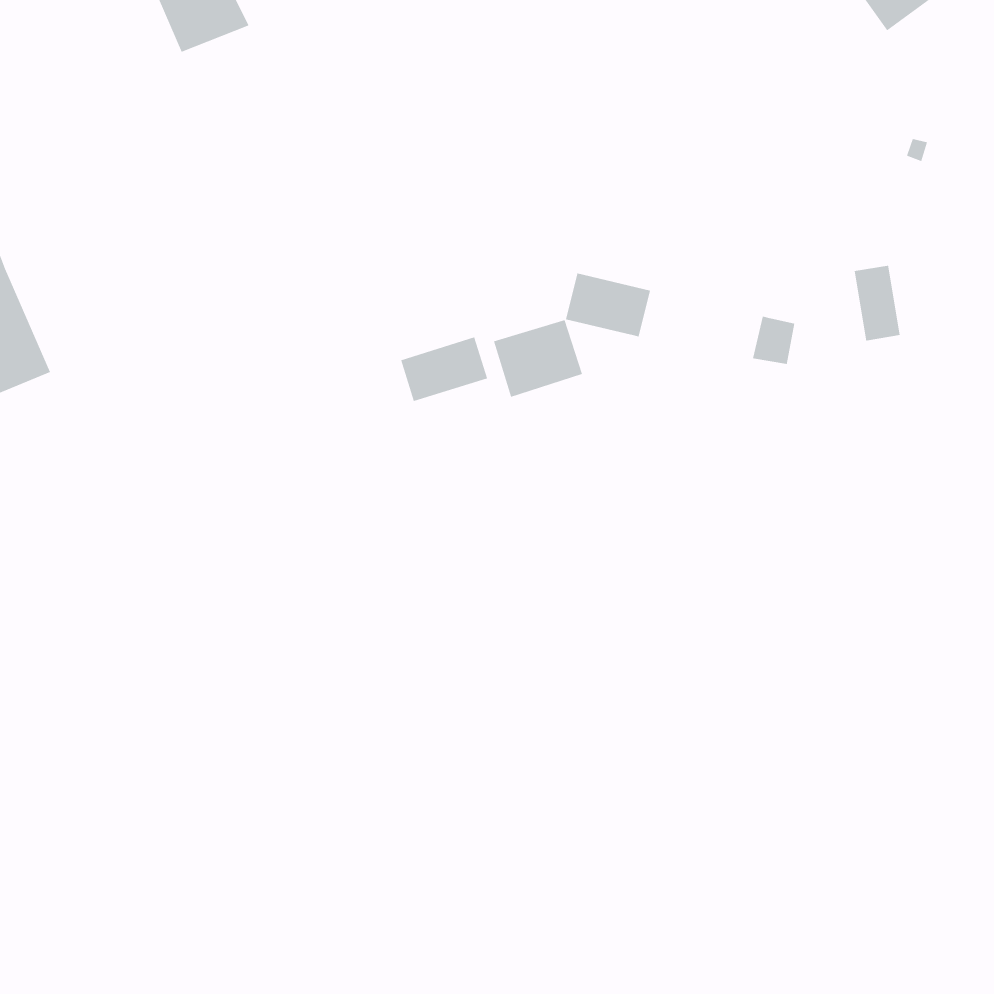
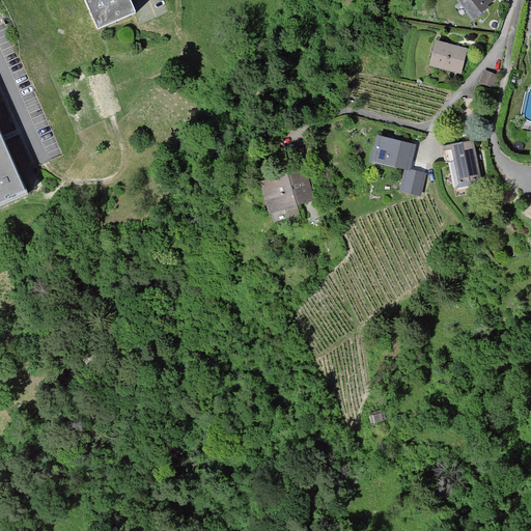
building: none -> [429,41,463,73]
building: [565,273,651,337] -> [370,135,416,169]
building: [400,337,488,402] -> none

